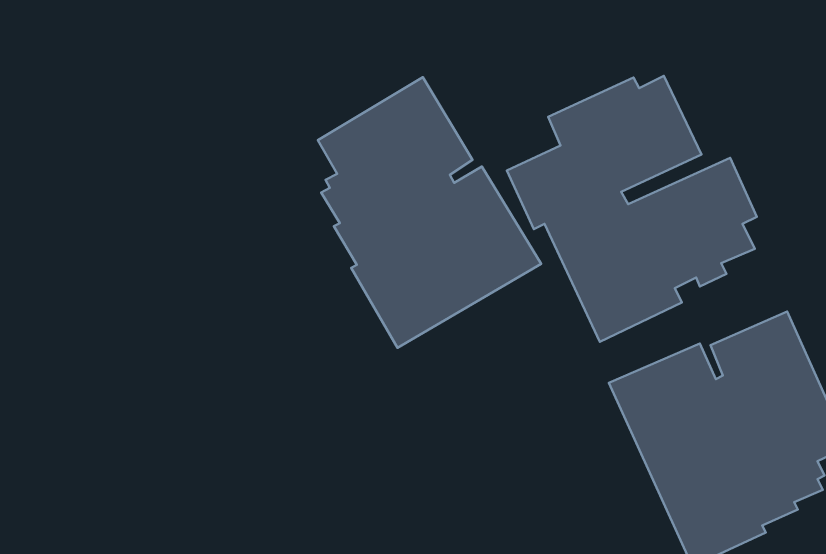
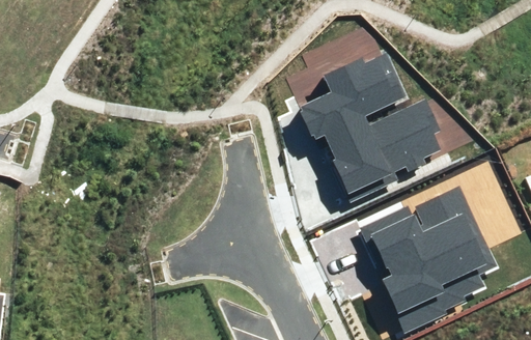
building: [318,77,541,348] -> none

